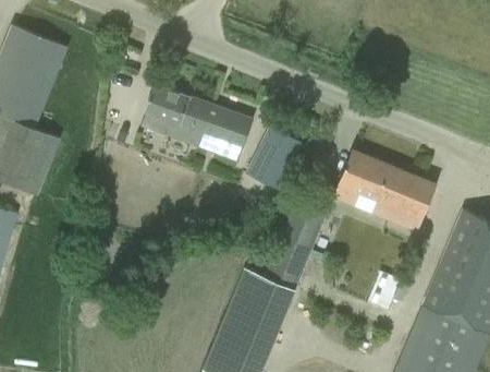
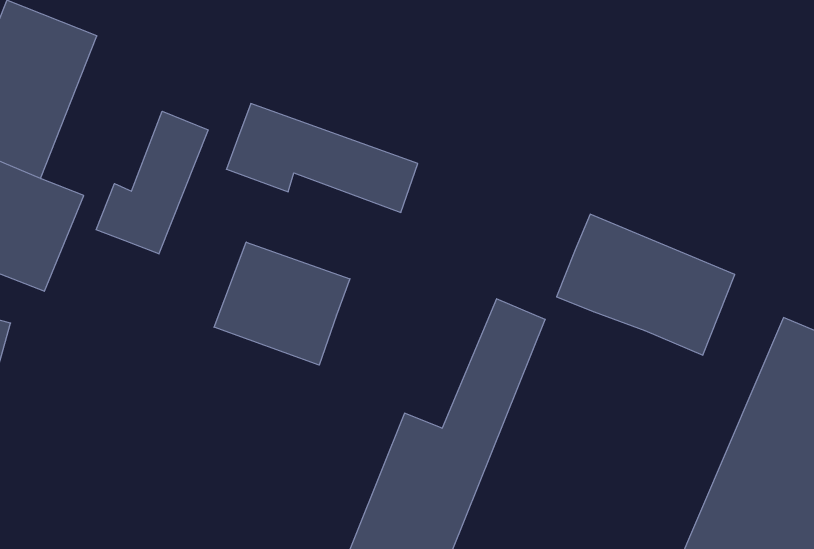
building: none -> [96,111,208,254]
building: [247,127,302,188] -> none
building: none -> [214,242,350,365]

